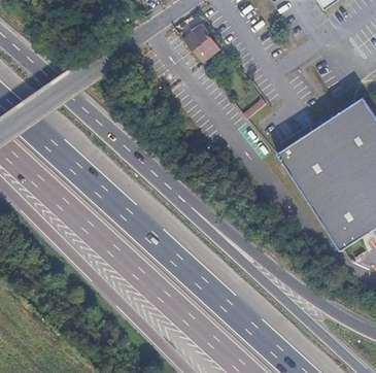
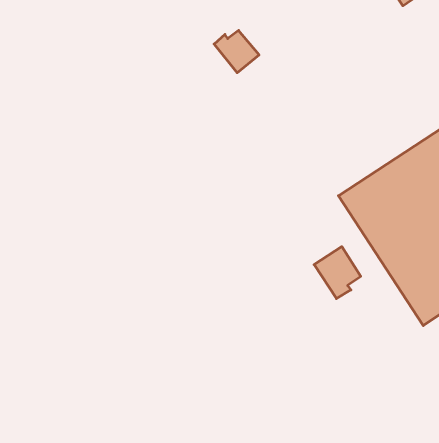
building: none -> [314,247,361,299]

